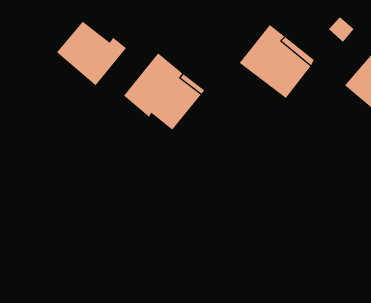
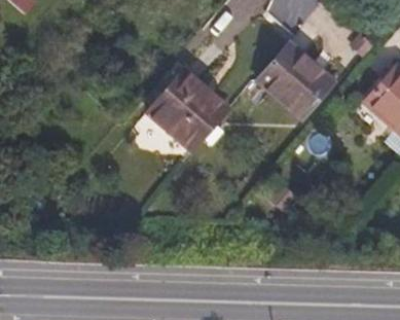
building: [56,21,127,86] -> none

